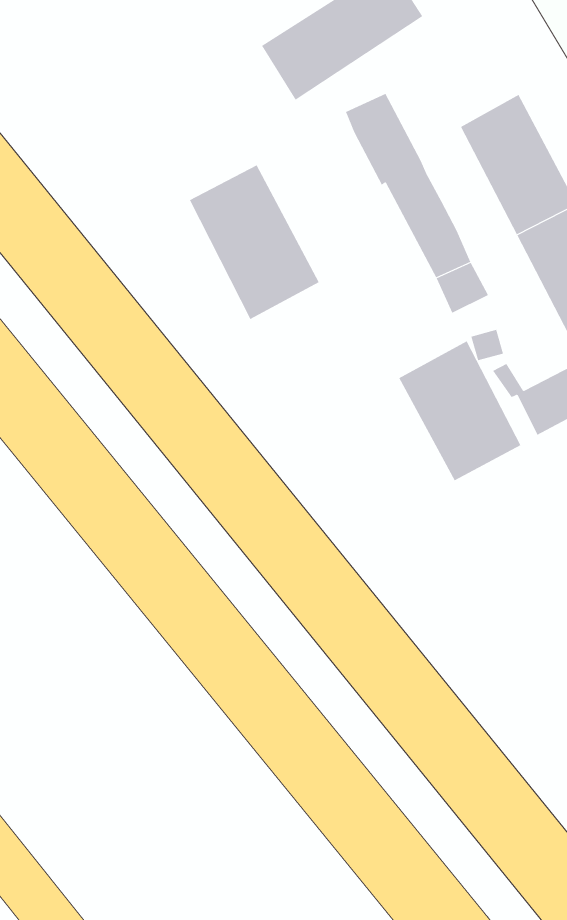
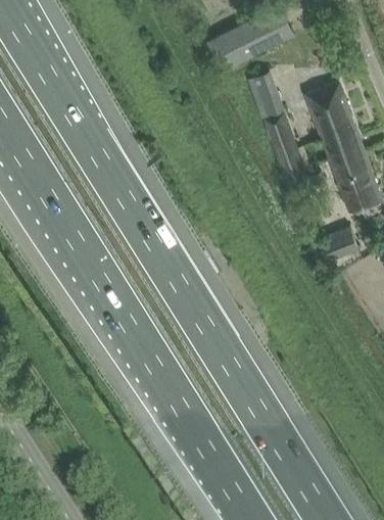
building: [189,164,320,320] -> none
building: [398,340,521,481] -> none

